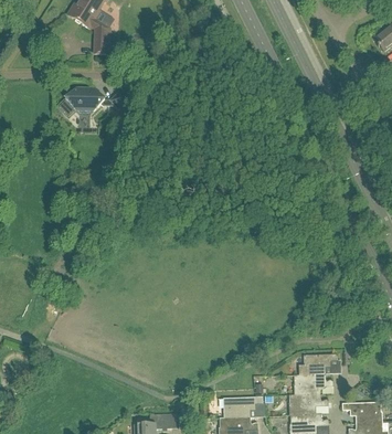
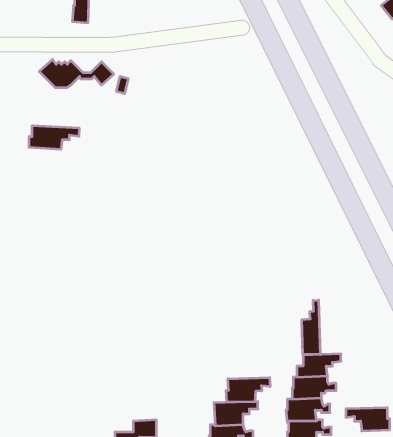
building: none -> [29,126,79,149]
building: none -> [302,300,320,355]
building: none -> [226,378,270,402]

